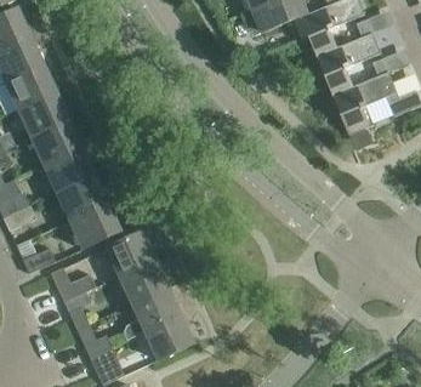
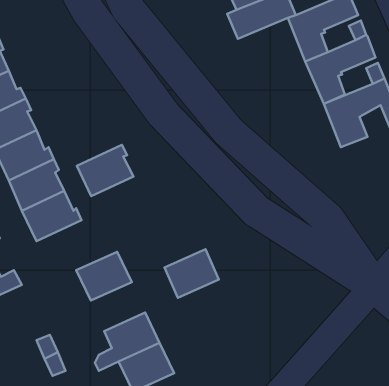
building: [69,203,121,250] -> [77,145,134,196]
building: [119,260,169,305] -> [164,249,219,298]
building: [51,268,96,302] -> none

